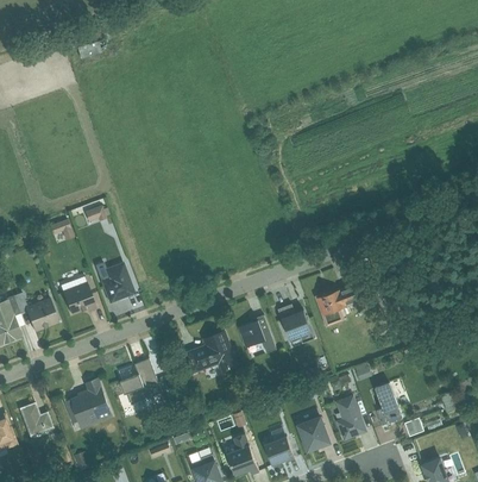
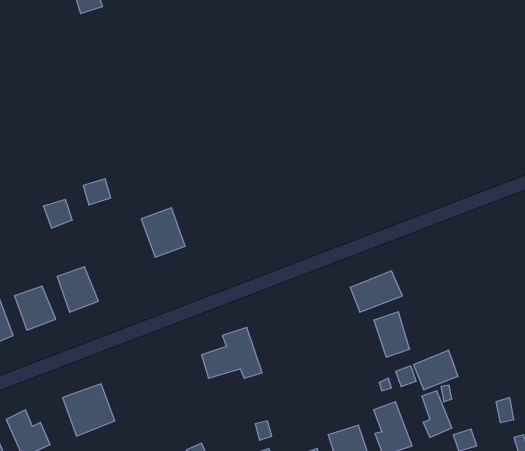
building: [98,261,136,303] -> [141,208,185,257]
building: [279,301,310,340] -> [374,312,410,357]
building: [239,318,276,358] -> none
building: none -> [414,350,458,390]
building: [119,358,157,412] -> none

